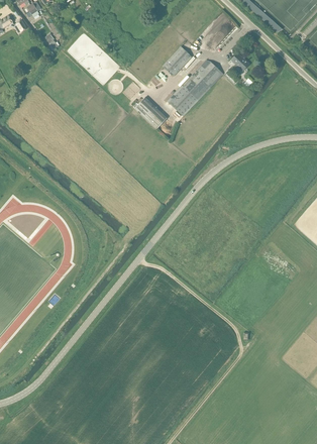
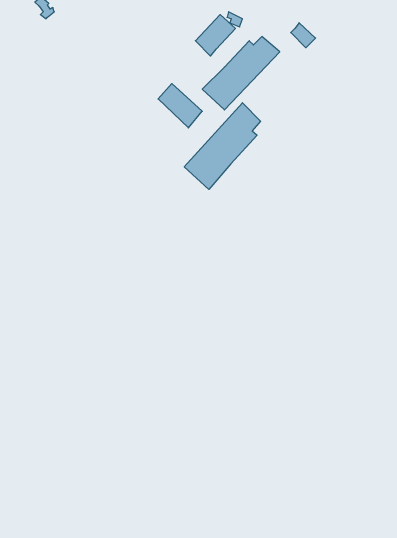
building: none -> [184,103,261,189]

